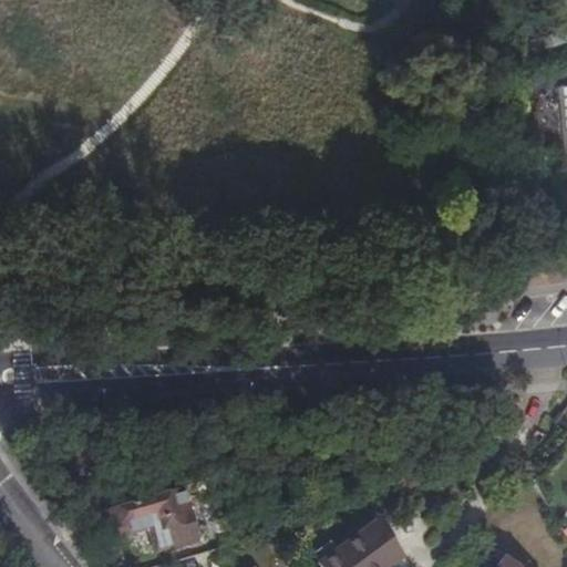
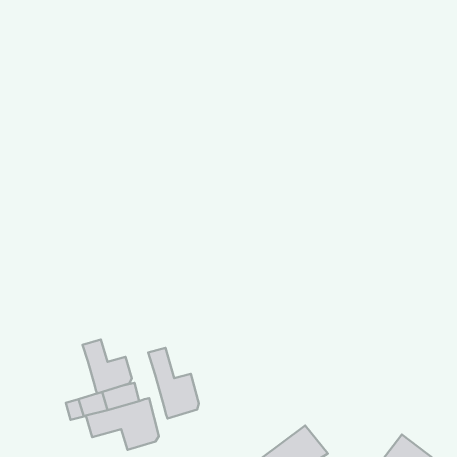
building: none -> [82,339,132,393]
building: none -> [148,348,199,418]

